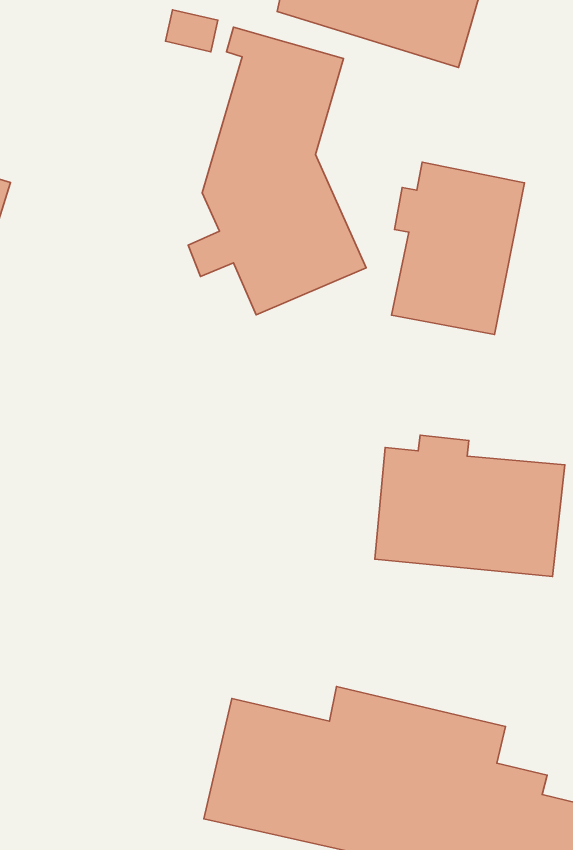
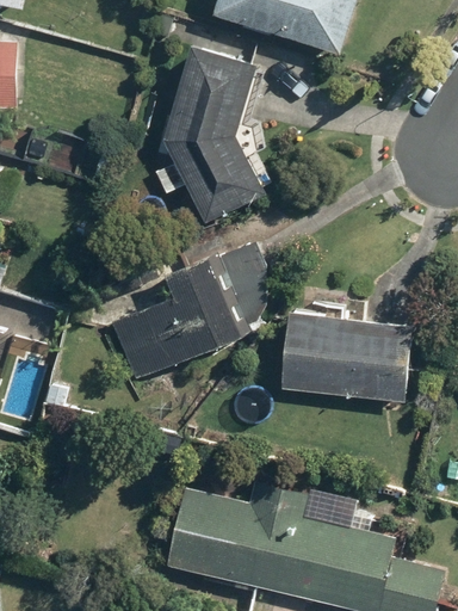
building: [392,162,524,334] -> none
building: none -> [100,239,268,379]

